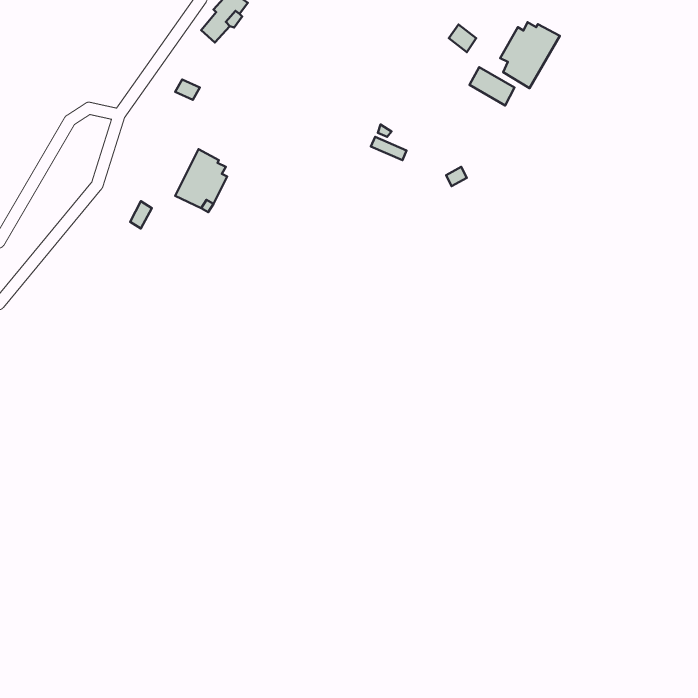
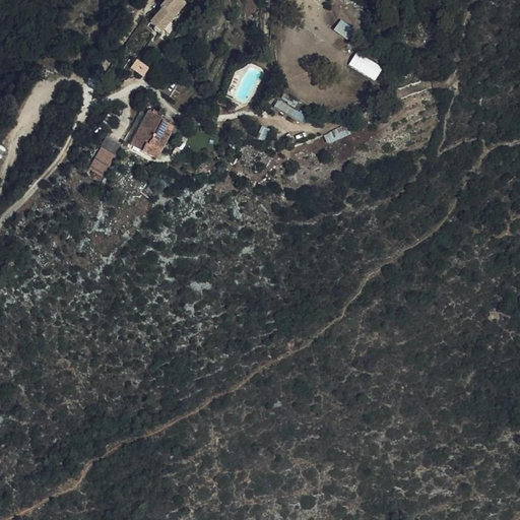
building: [500,22,560,88] -> none

